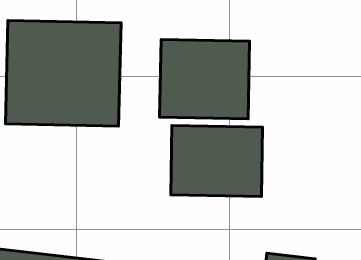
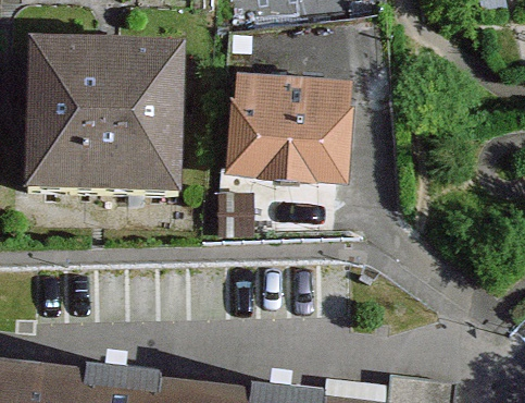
building: [171,126,263,196] -> none

